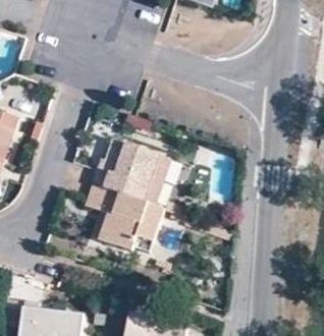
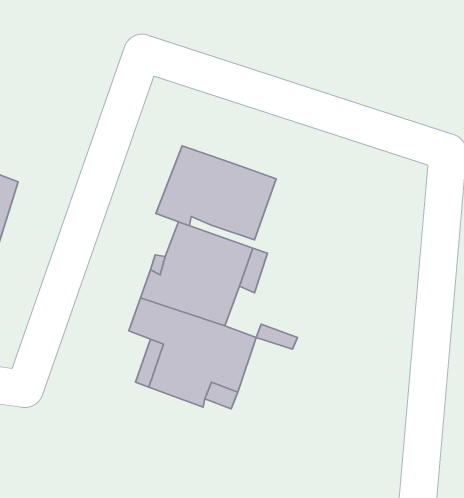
building: none -> [156,146,276,240]

